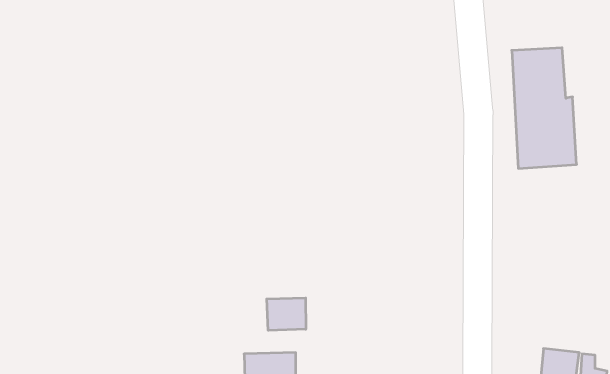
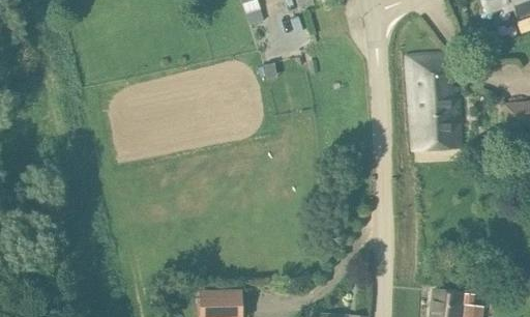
building: [267,298,306,330] -> none

